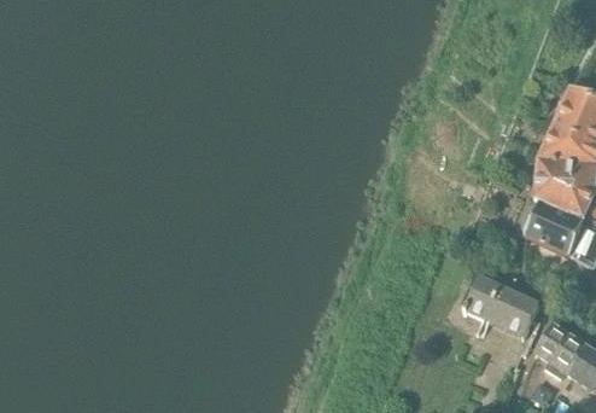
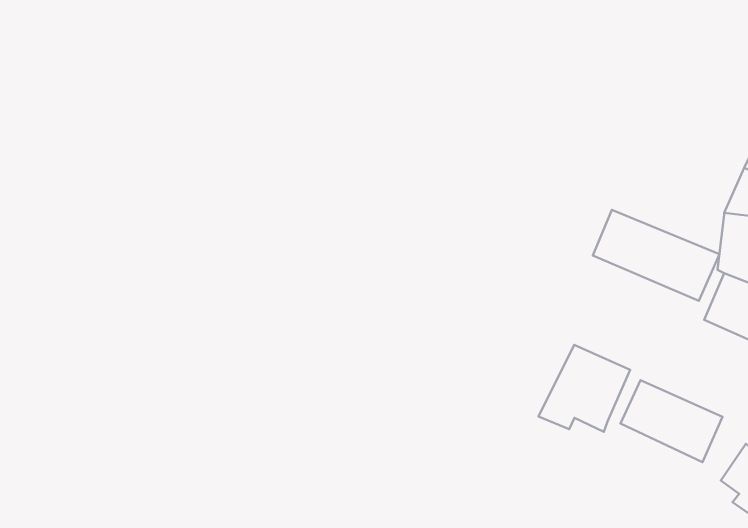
building: none -> [593,210,719,301]
building: none -> [539,345,630,432]

